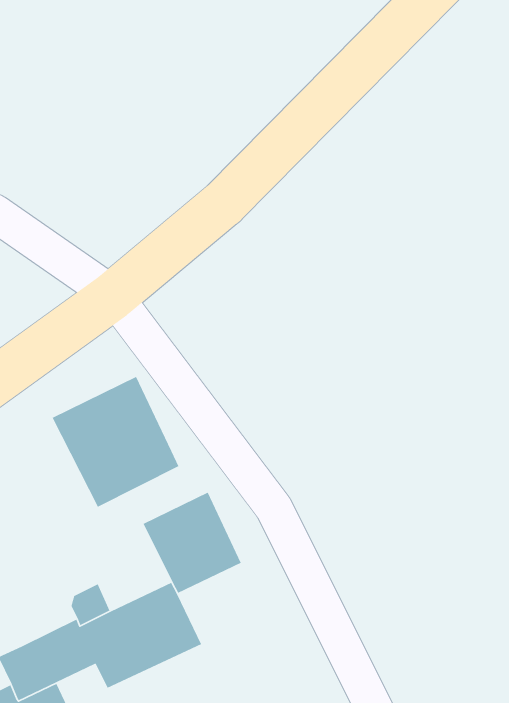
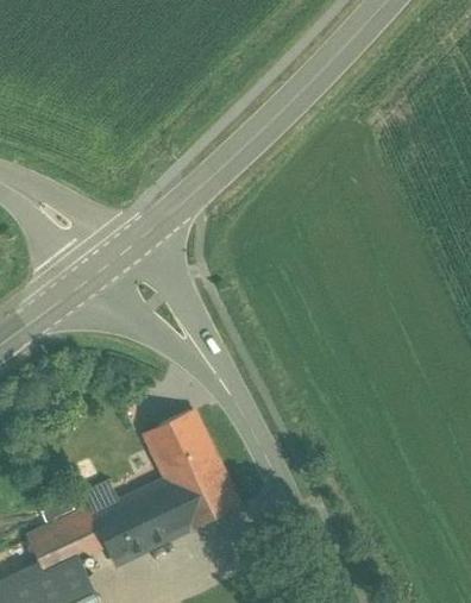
building: [51,376,180,508] -> none
building: none -> [170,466,240,530]

